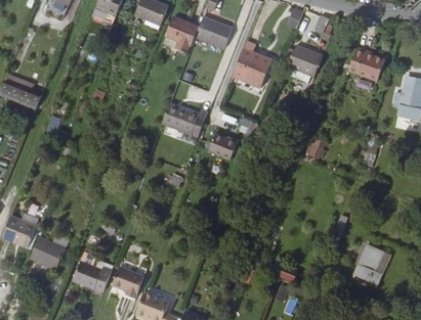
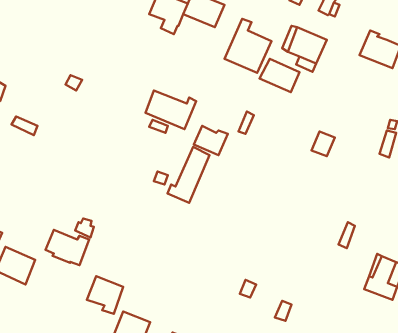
building: none -> [259,59,299,92]
building: none -> [168,147,210,203]
building: [73,260,111,290] -> [46,230,89,265]

